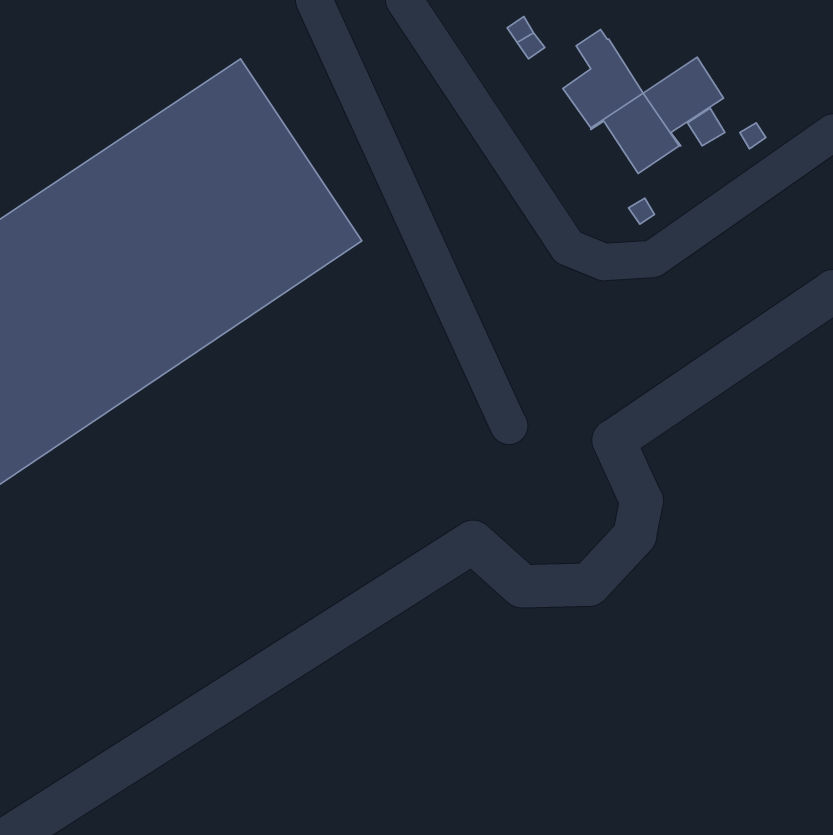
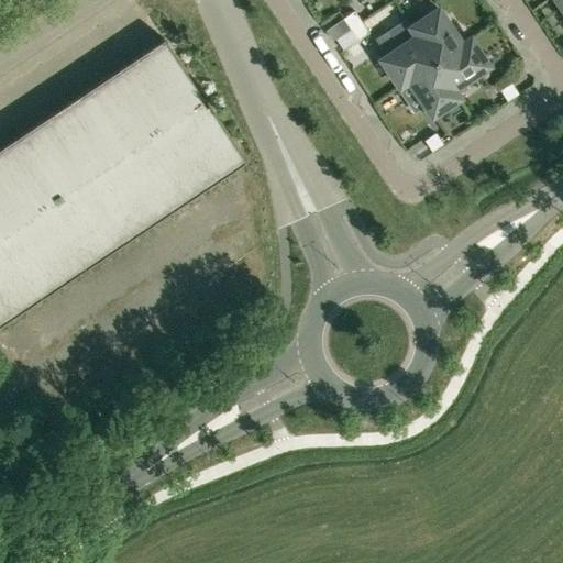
building: none -> [409,10,468,64]

